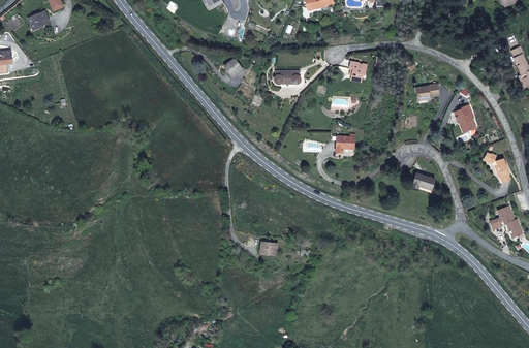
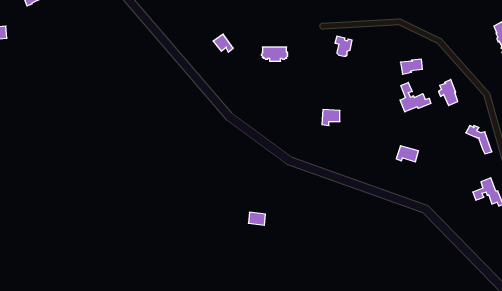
building: none -> [400,82,431,112]

